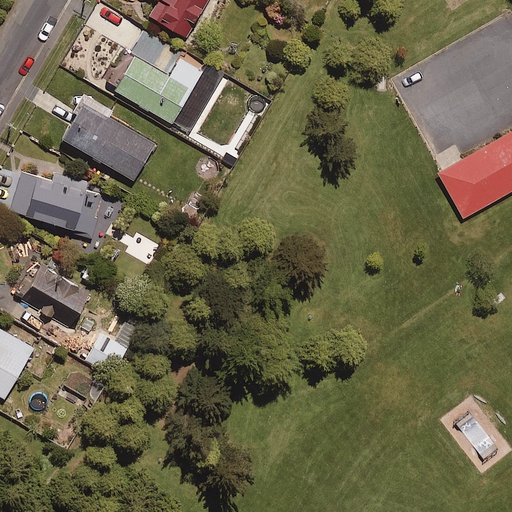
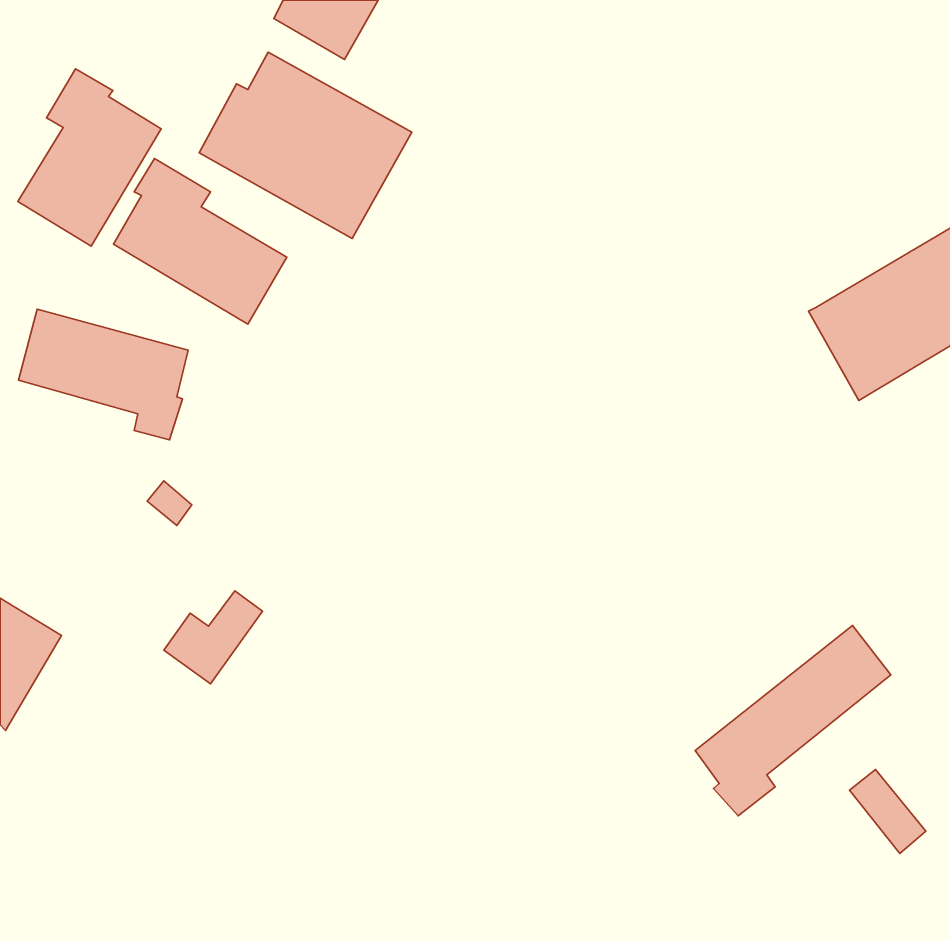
building: none -> [18,69,161,246]
building: [16,258,88,332] -> none
building: none -> [695,625,891,816]

